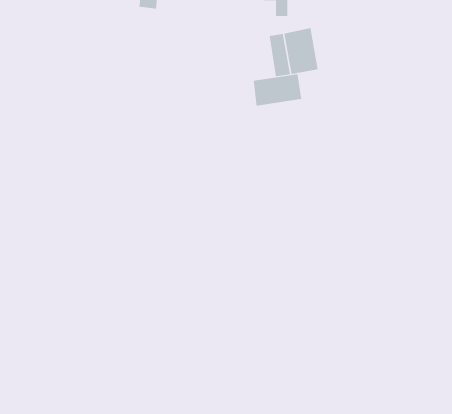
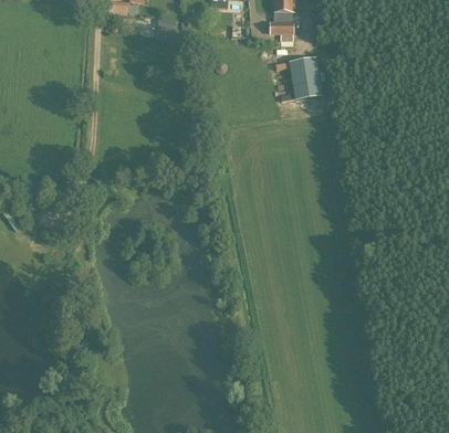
building: [253,73,302,107] -> none

